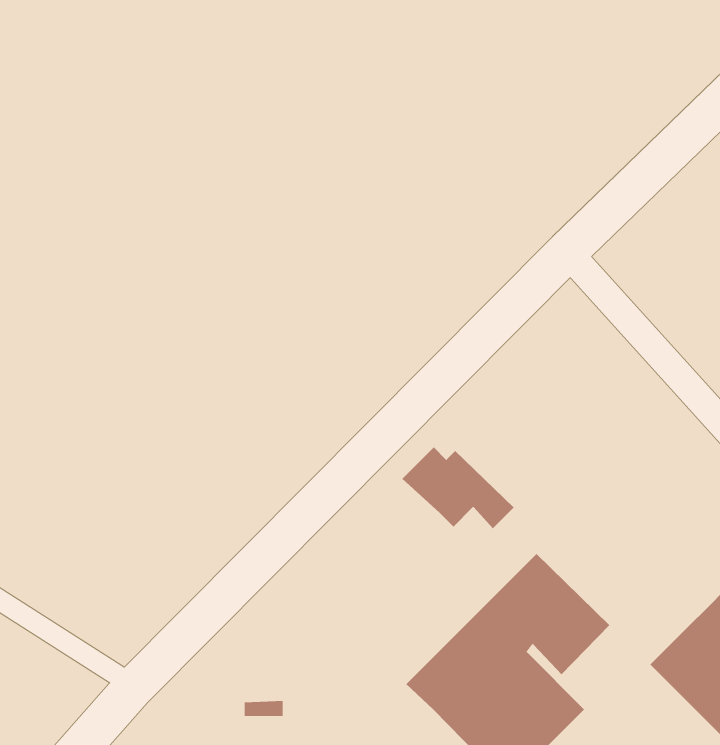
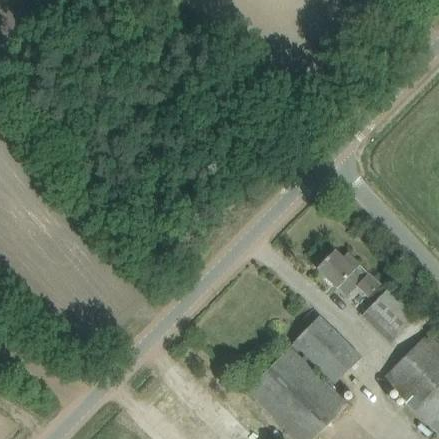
building: [401,447,514,529] -> [317,251,380,297]
building: none -> [364,290,416,342]

